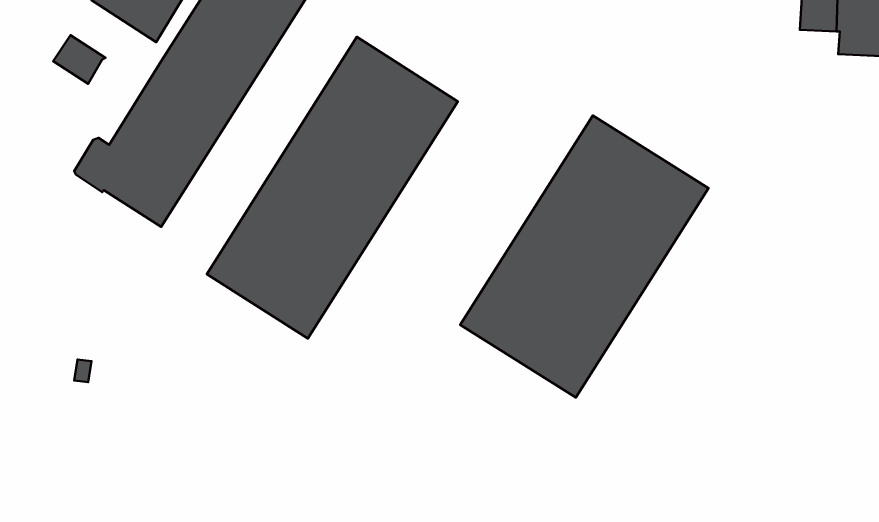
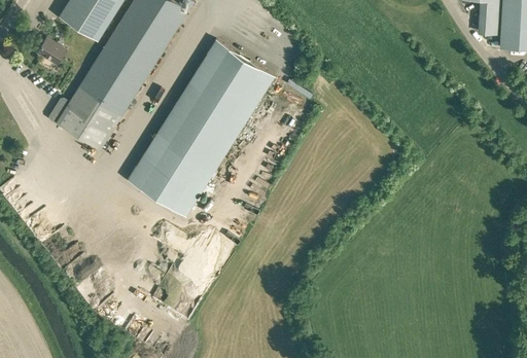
building: [460,116,708,397] -> none

